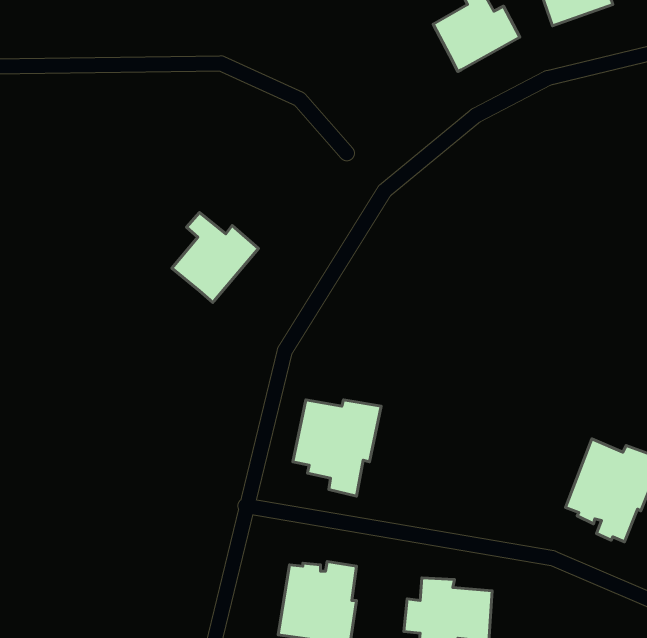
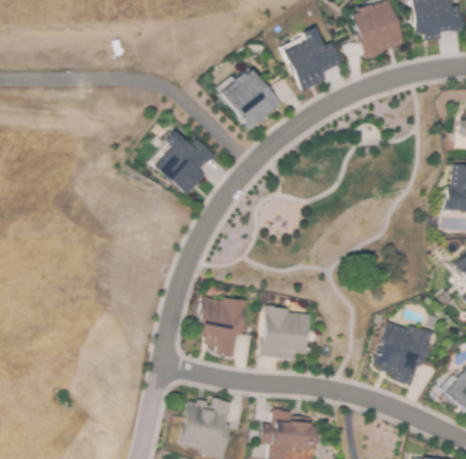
building: none -> [218,71,280,131]
building: [172,213,258,302] -> [156,135,211,192]
building: none -> [262,305,317,358]

